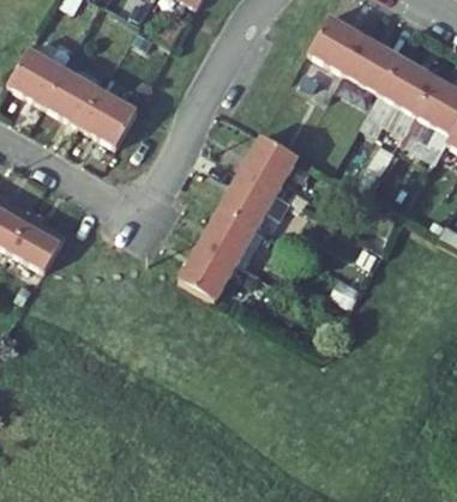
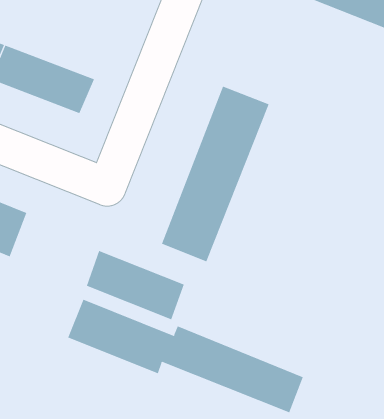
building: none -> [86,250,184,320]
building: none -> [68,299,304,413]

